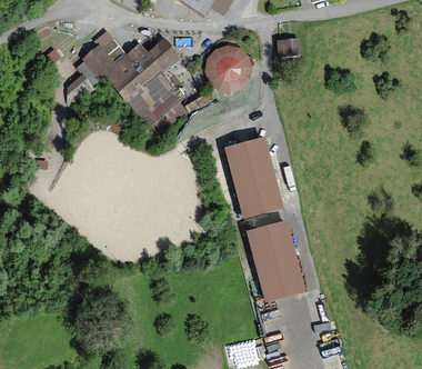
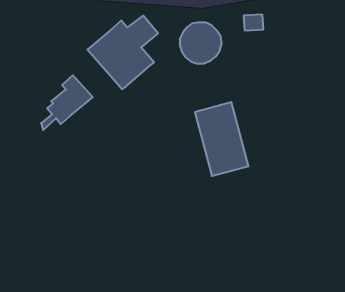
building: [71,30,129,91] -> [41,75,93,130]
building: [145,93,187,133] -> none
building: [245,220,307,301] -> none

